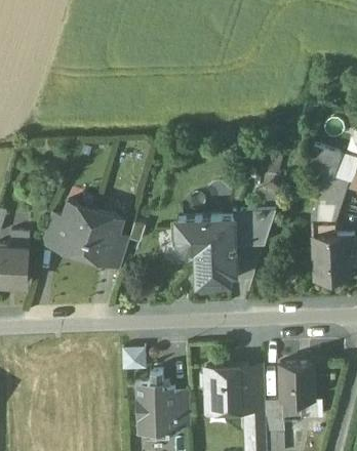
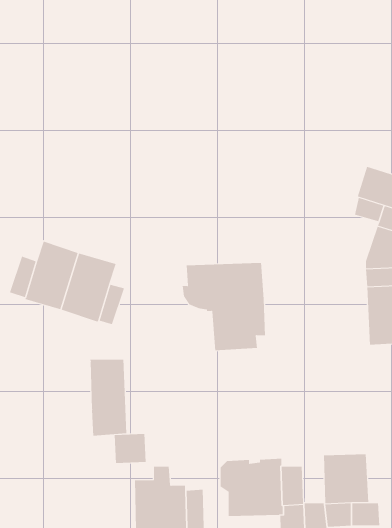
building: [232,211,275,247] -> none
building: none -> [89,359,127,436]

